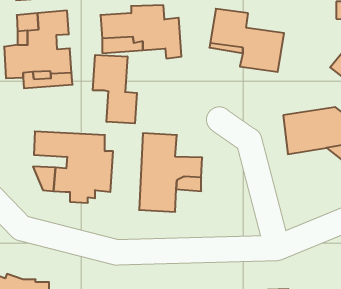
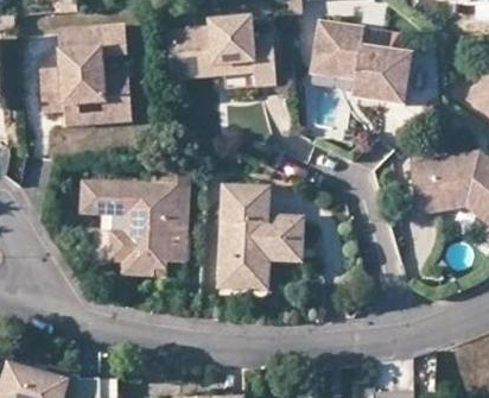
building: [93,55,137,123] -> none

